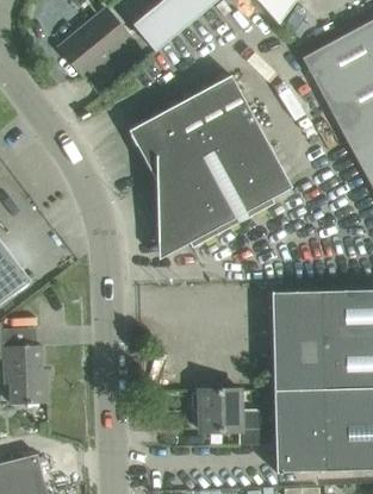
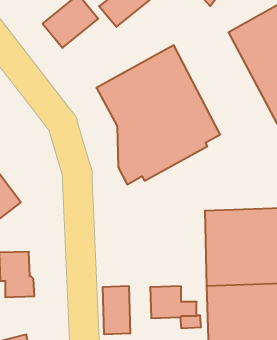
building: none -> [103,286,130,334]

